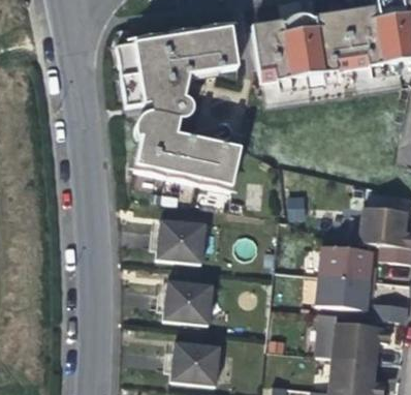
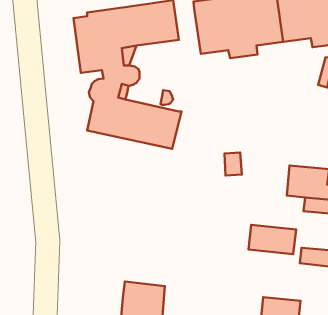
building: [155,219,204,263] -> none
building: [319,247,373,281] -> none
building: [163,282,213,326] -> none
building: [315,312,388,362] -> none

